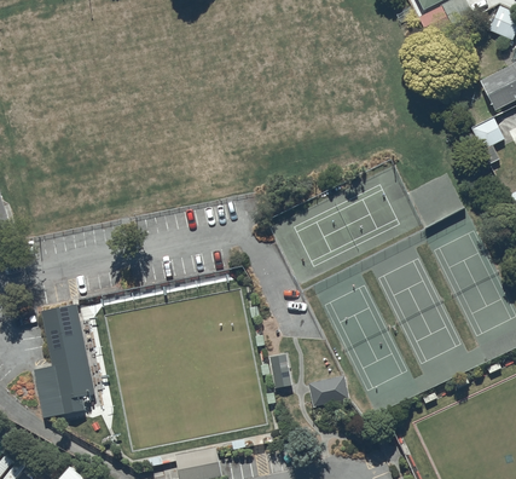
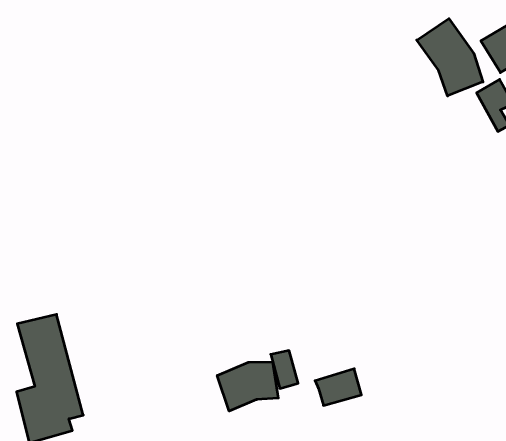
building: none -> [417,19,483,96]
building: none -> [217,362,278,411]

